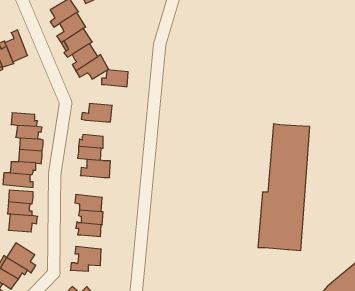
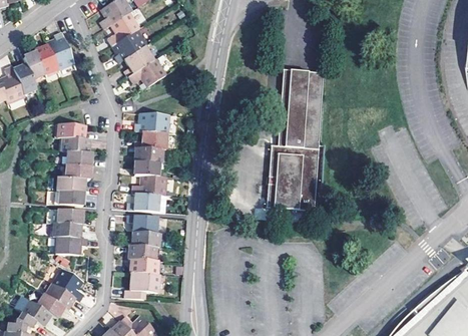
building: [102,70,128,86] -> [132,133,161,151]
building: [258,124,310,250] -> [268,69,325,209]
building: none -> [128,195,158,214]
building: none -> [127,260,156,276]

